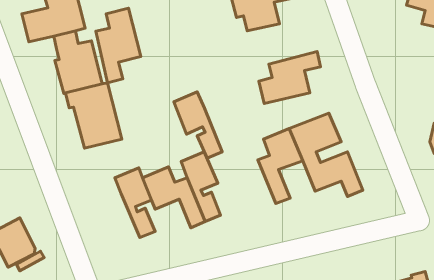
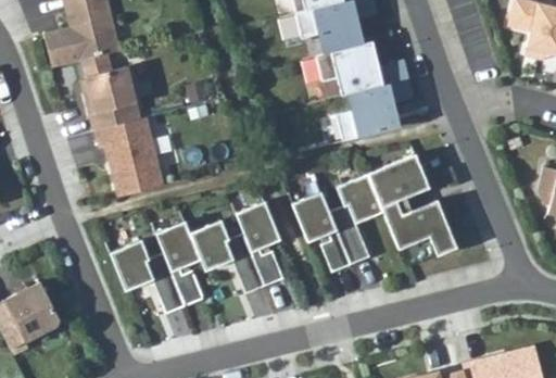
building: [96,8,141,83] -> none
building: none -> [308,42,401,96]
building: [174,92,222,158] -> [292,191,351,272]
building: none -> [110,239,186,313]

